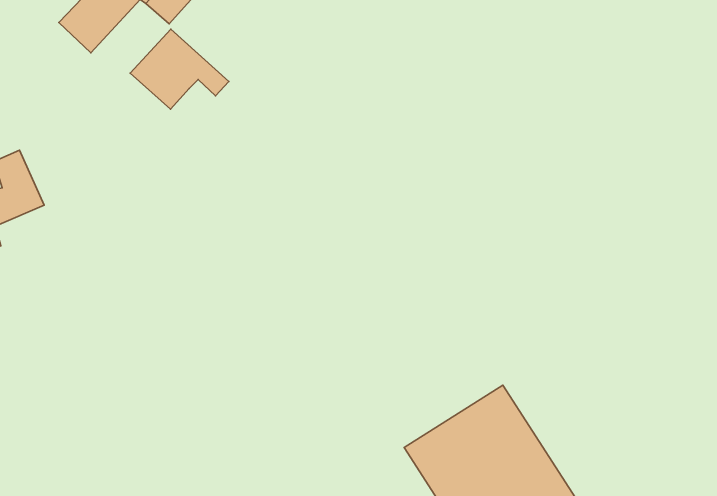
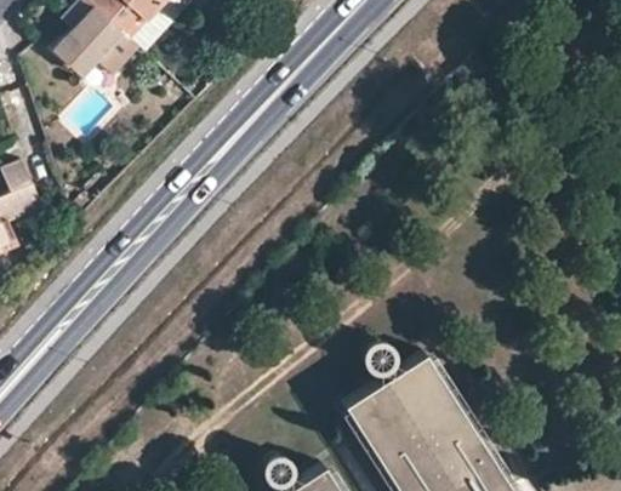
building: [130,29,229,109] -> none

